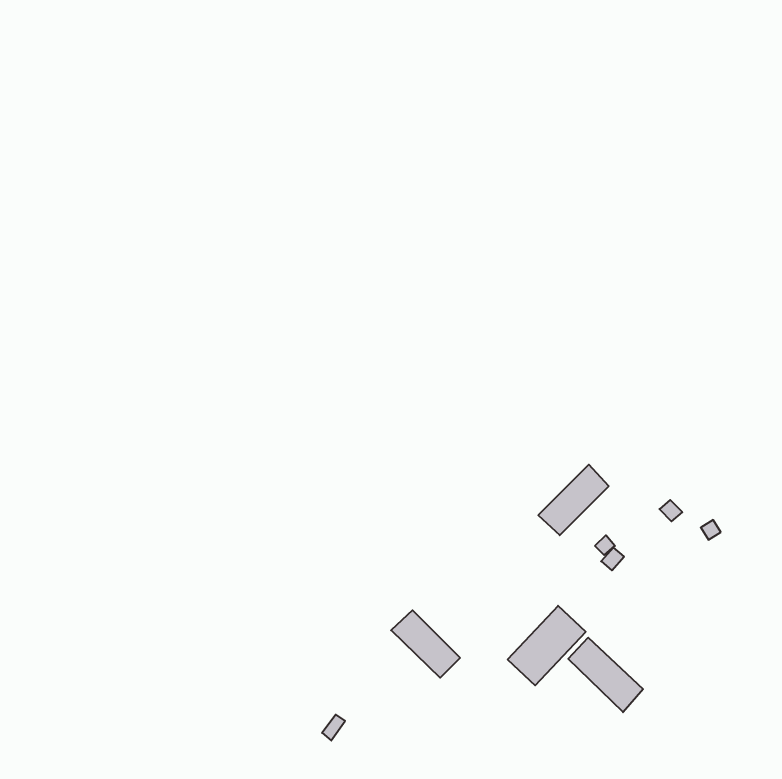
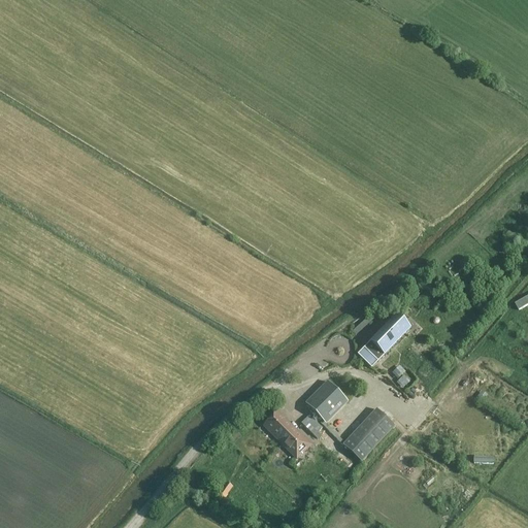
building: none -> [304,380,344,419]
building: [568,638,643,712] -> none

